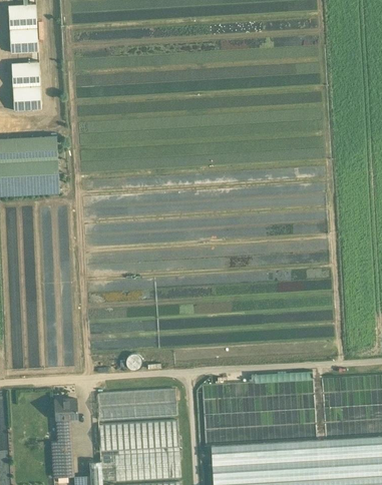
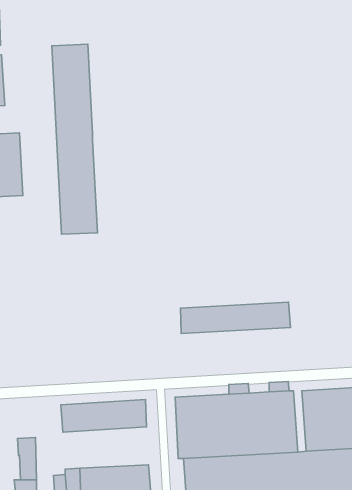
building: none -> [52,44,98,234]
building: none -> [180,302,291,334]
building: [52,400,75,420] -> none
building: [96,420,177,452] -> none

